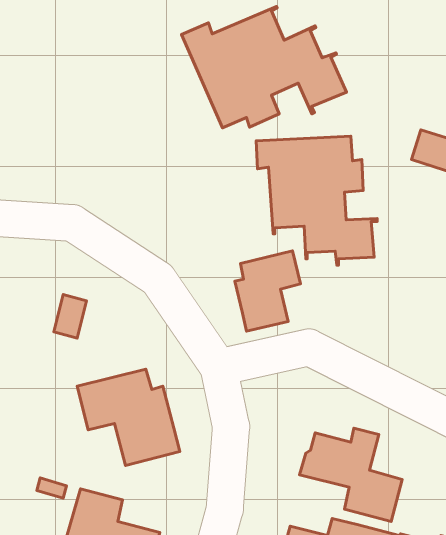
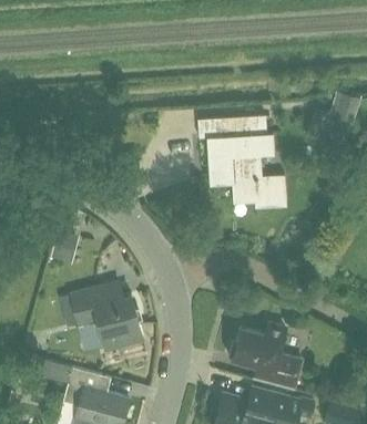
building: [182,6,346,128] -> none
building: [235,251,301,331] -> none

